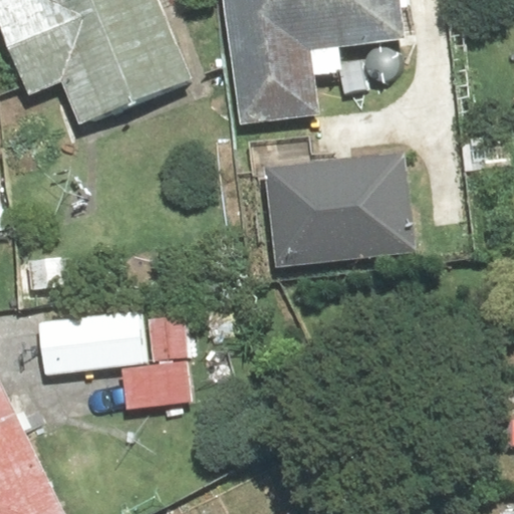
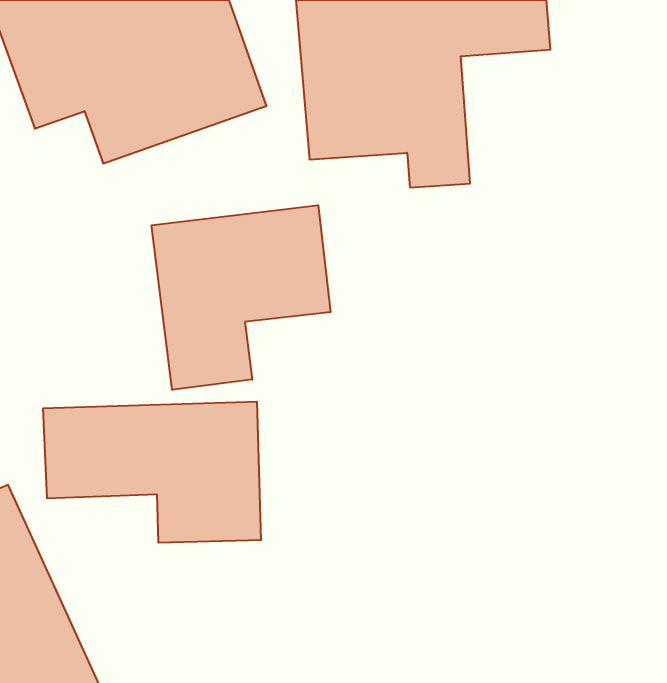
building: [261,150,409,261] -> none
building: none -> [152,205,330,390]

